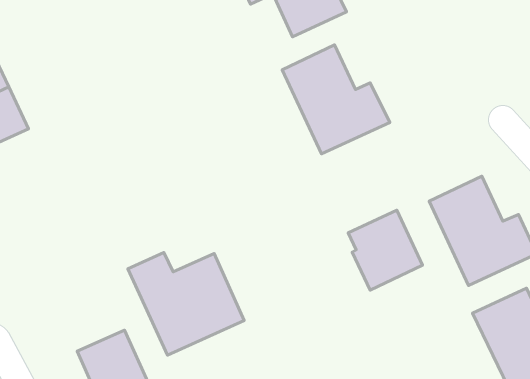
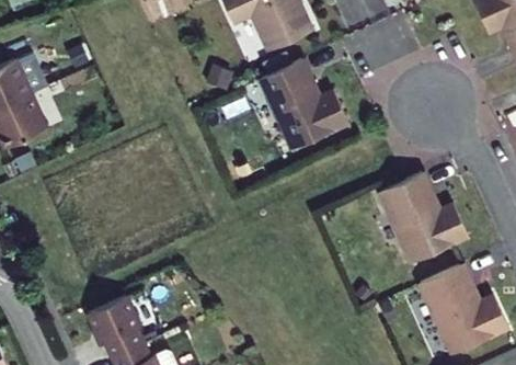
building: [348,210,423,290] -> none
building: [128,252,244,355] -> none

